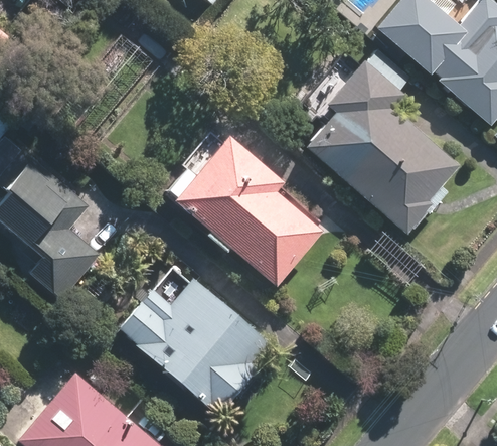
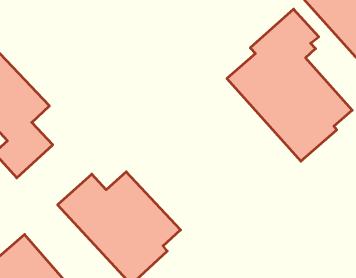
building: [165,130,325,286] -> none

